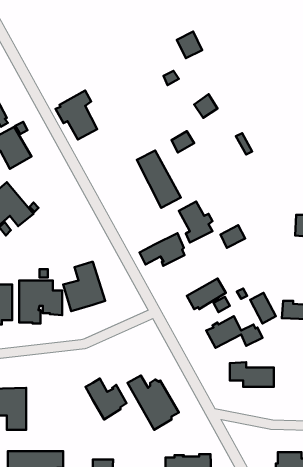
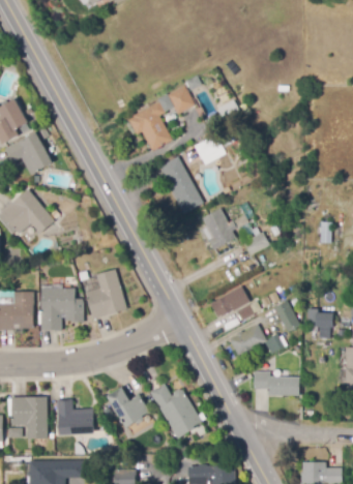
building: [177,32,202,58] -> [168,86,194,113]
building: [55,90,97,140] -> [129,100,172,150]
building: [139,233,184,266] -> none
building: none -> [57,399,101,435]

